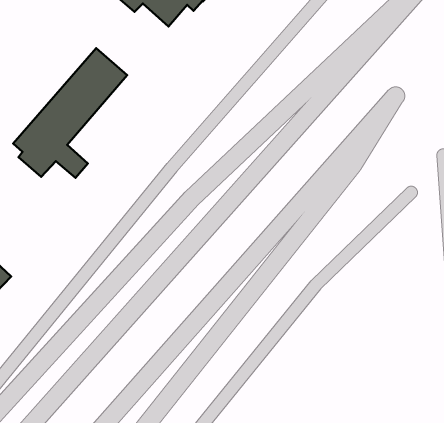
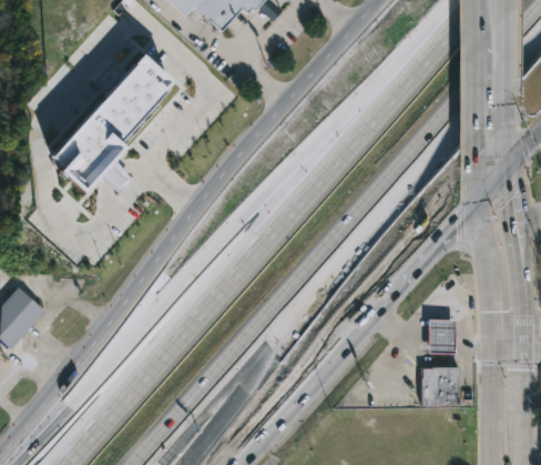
building: none -> [428,320,455,353]
building: none -> [422,367,458,406]

